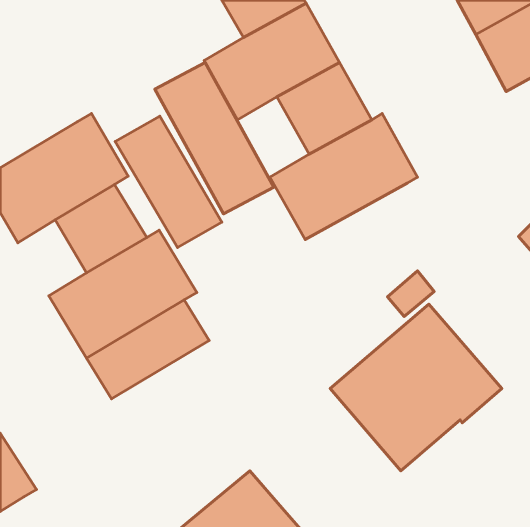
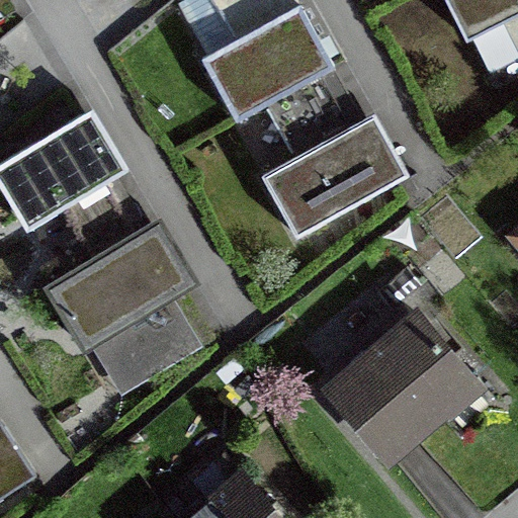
building: [155,62,274,214] -> none
building: [115,116,222,247] -> none

